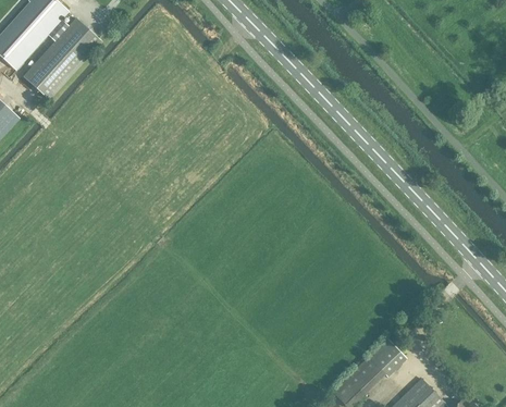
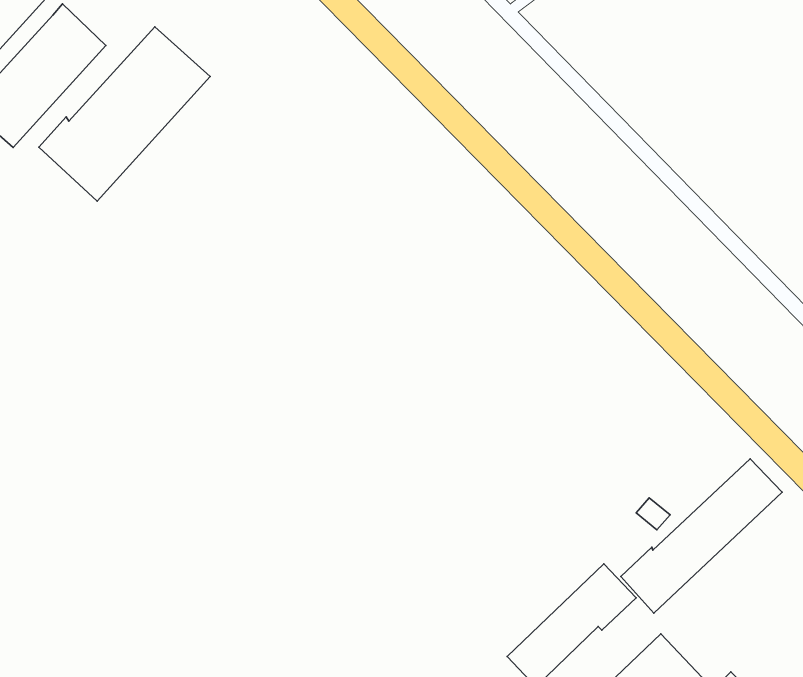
building: none -> [39,27,210,201]
building: none -> [621,459,782,613]

